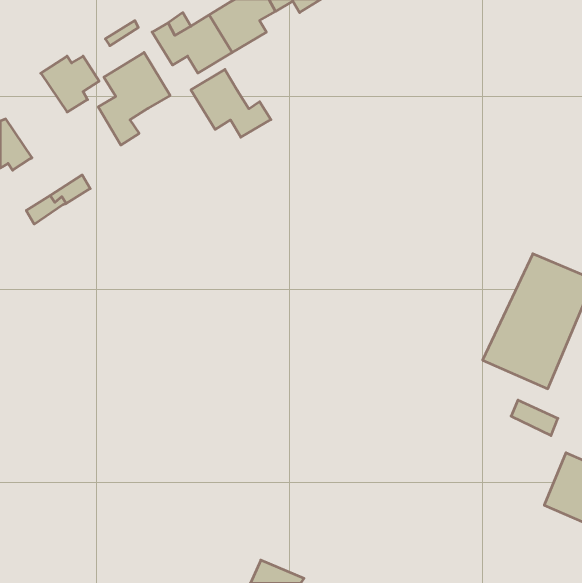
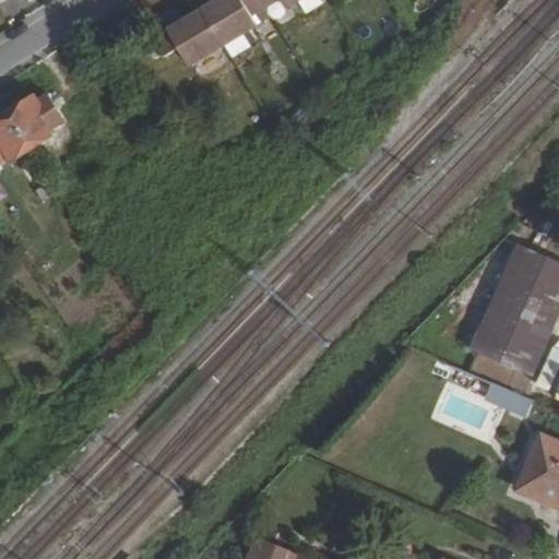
building: [98,52,170,145] -> none
building: [41,56,99,112] -> [8,97,63,151]
building: [191,69,271,137] -> none

